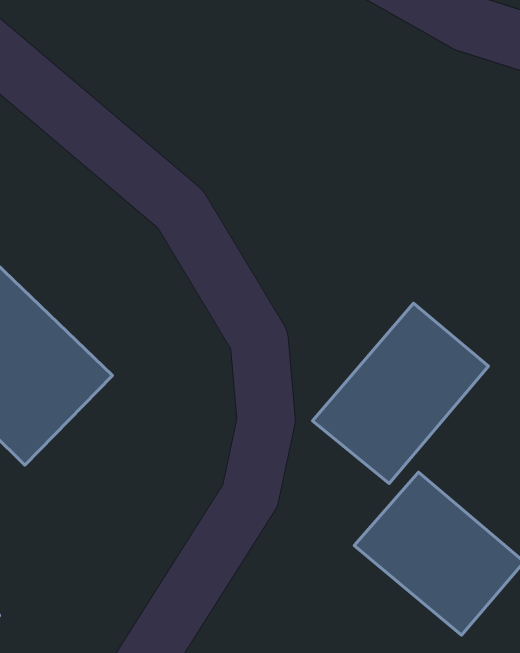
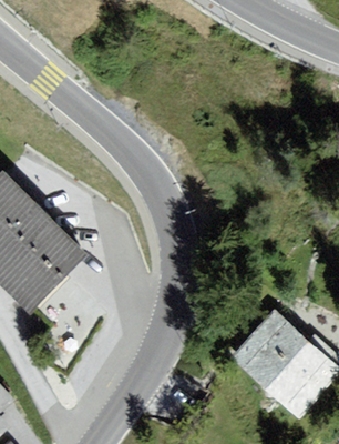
building: [312,303,489,483] -> none

